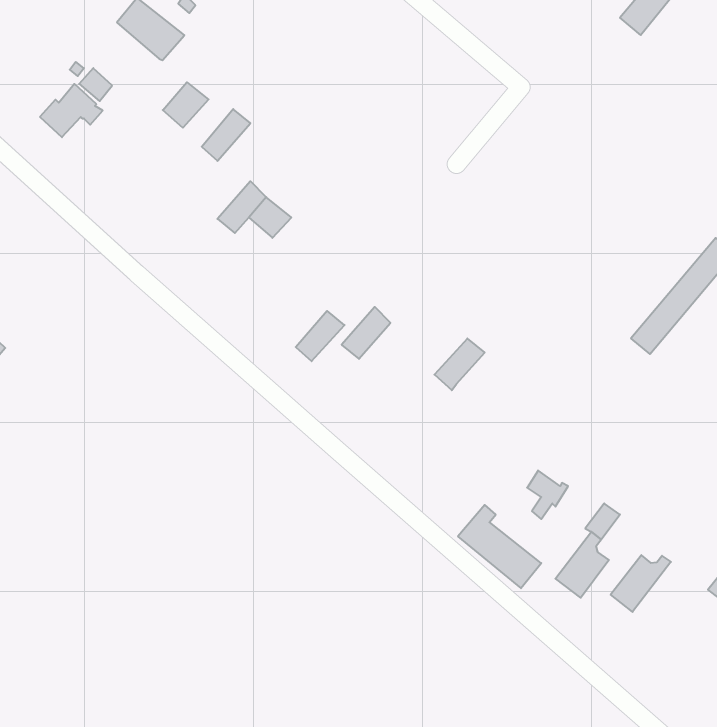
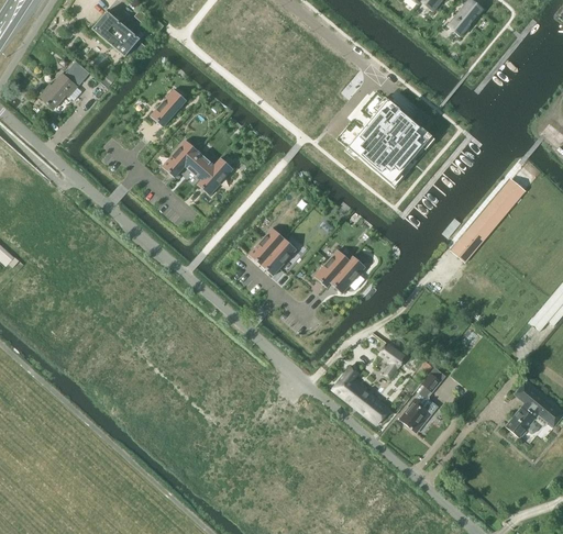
building: [163,82,209,128] -> none
building: none -> [349,101,429,181]
building: none -> [198,158,232,193]
building: [296,311,345,361] -> [262,238,296,274]
building: none -> [330,256,365,291]
building: [611,555,671,612] -> none

